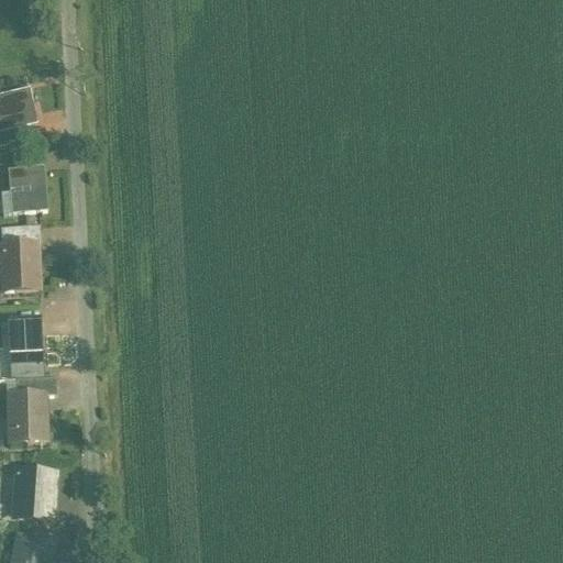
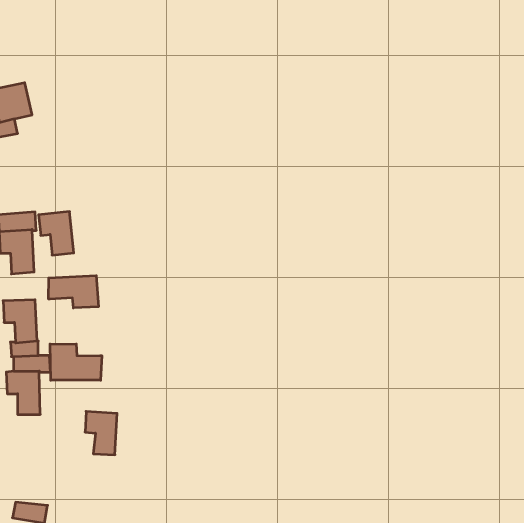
building: [7,166,44,212] -> [39,212,74,255]
building: none -> [49,276,98,308]
building: none -> [50,344,102,380]
building: [15,473,49,519] -> [85,411,117,455]

